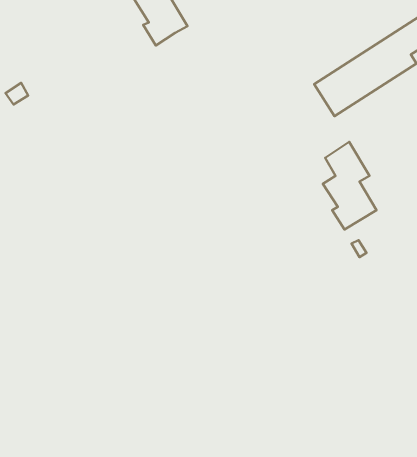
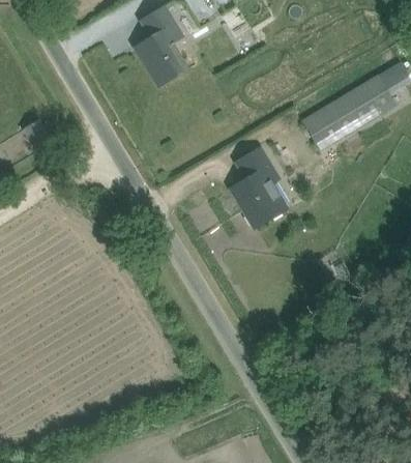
building: [323,142,376,230] -> [236,146,285,226]

